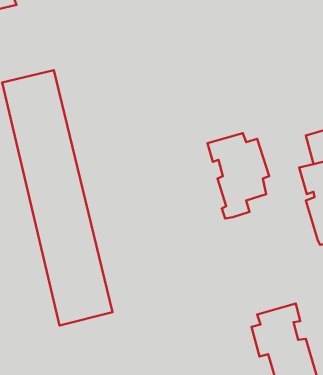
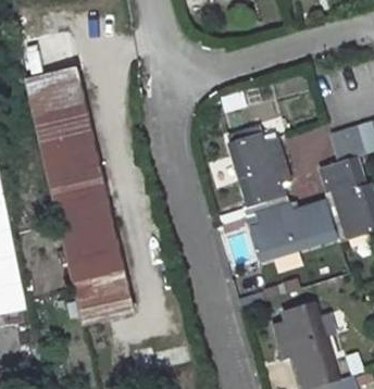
building: none -> [249,191,337,261]

